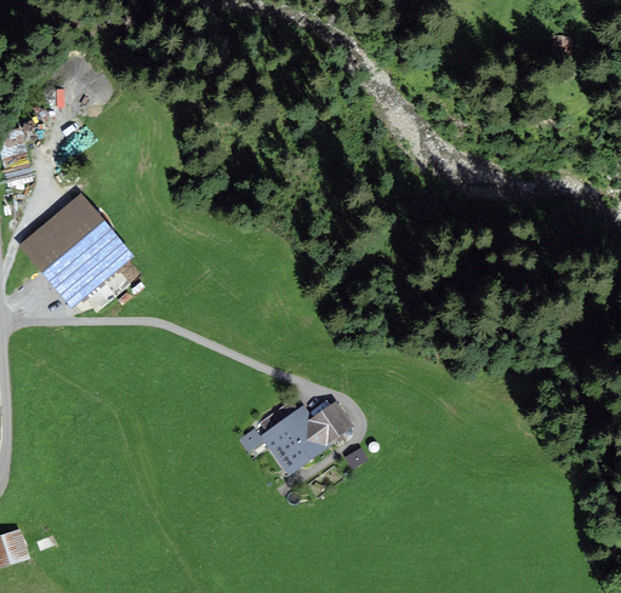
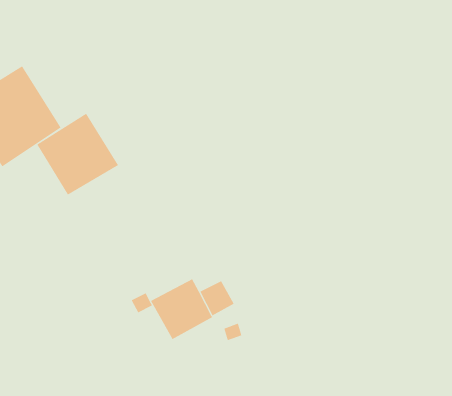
building: none -> [37,113,119,195]

